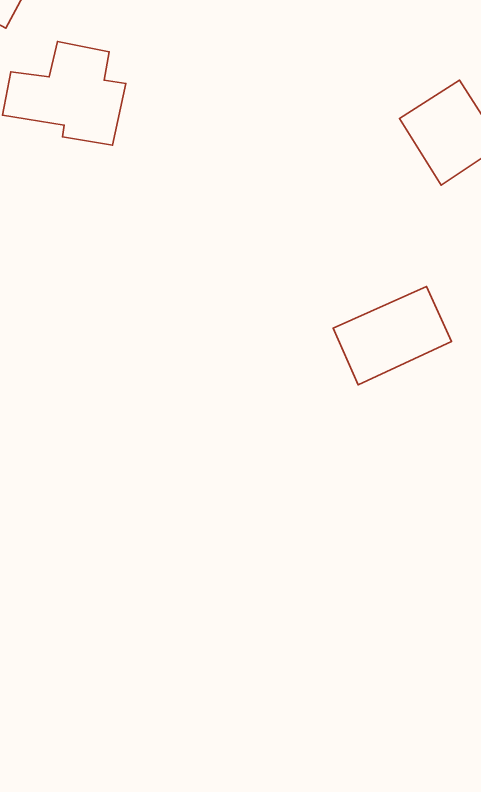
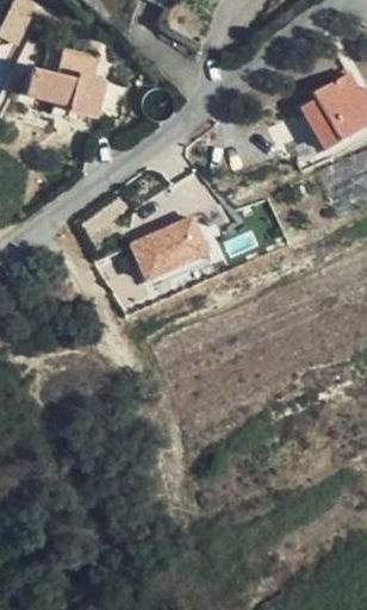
building: [333,286,452,385] -> [131,208,216,279]

